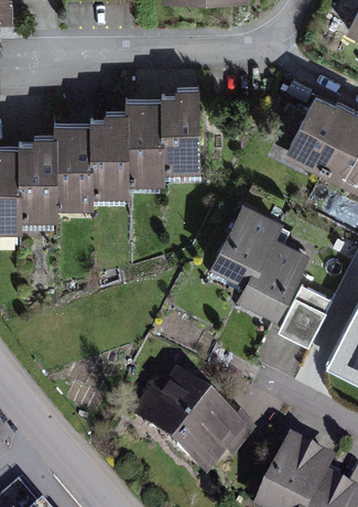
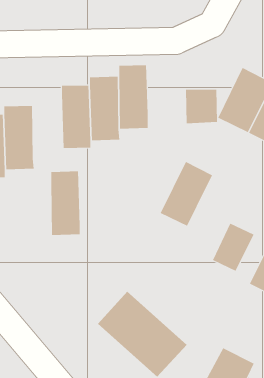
building: none -> [186,89,217,124]
building: [55,127,93,207] -> [50,171,80,235]
building: [240,241,306,323] -> none

